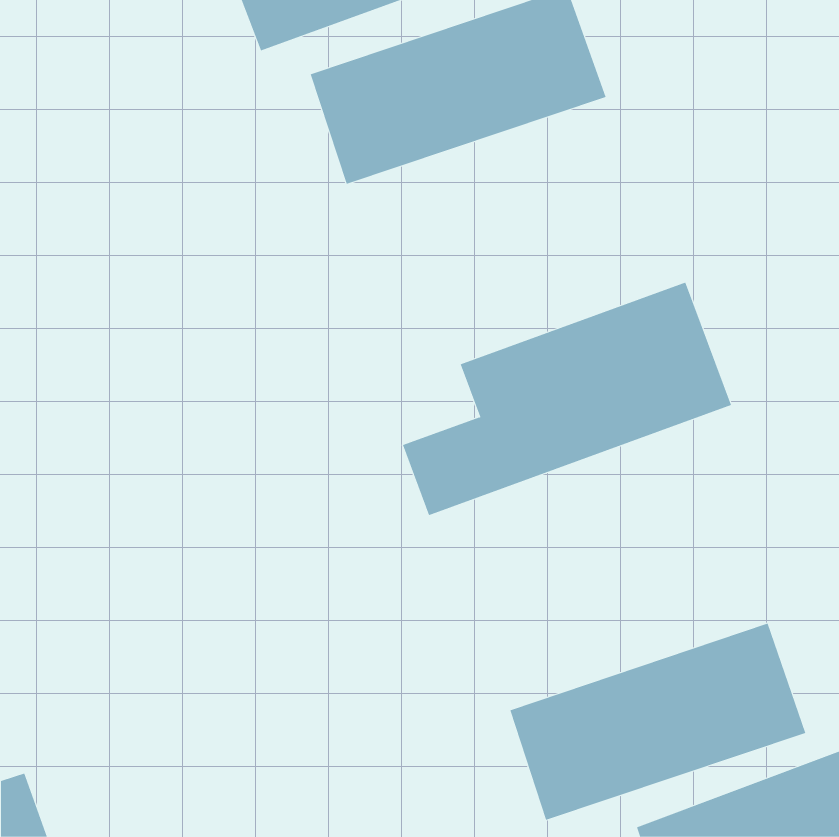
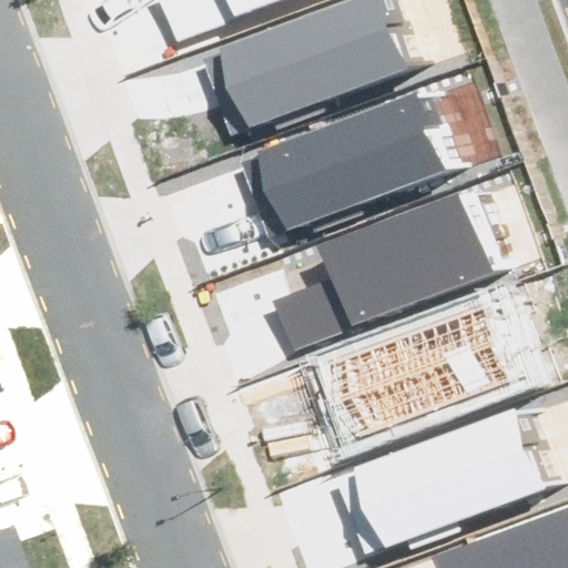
building: none -> [254,93,454,226]
building: none -> [313,305,513,438]

